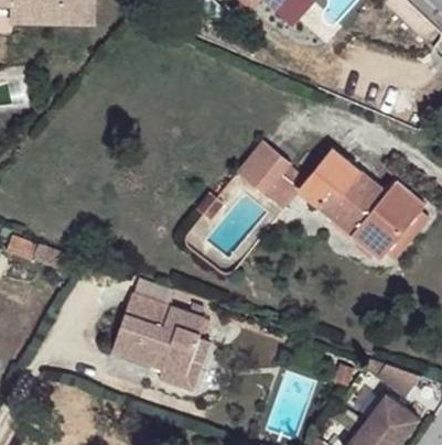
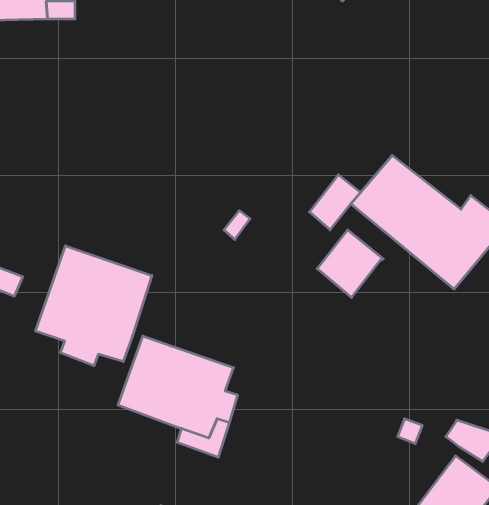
building: [239,141,292,195] -> [317,230,383,298]
building: none -> [36,246,152,366]

